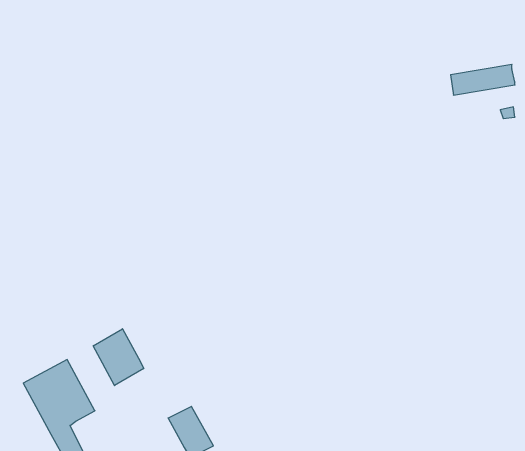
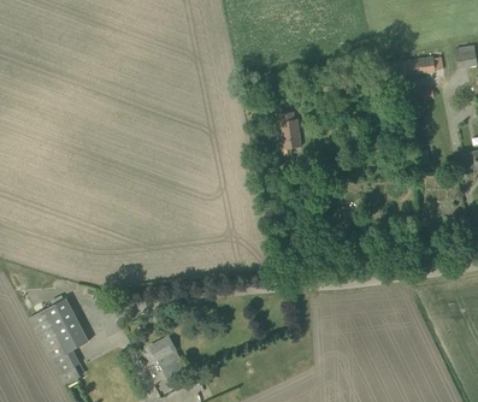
building: none -> [278,108,301,154]
building: [93,329,144,386] -> none

